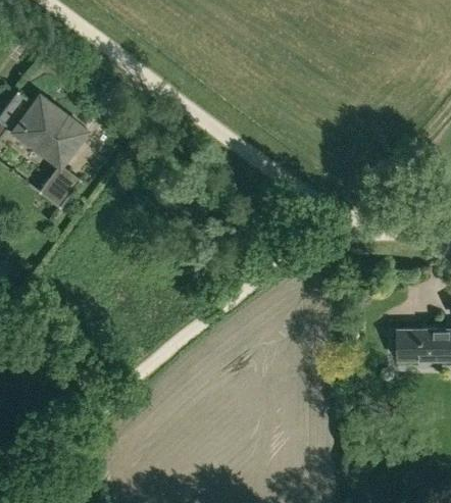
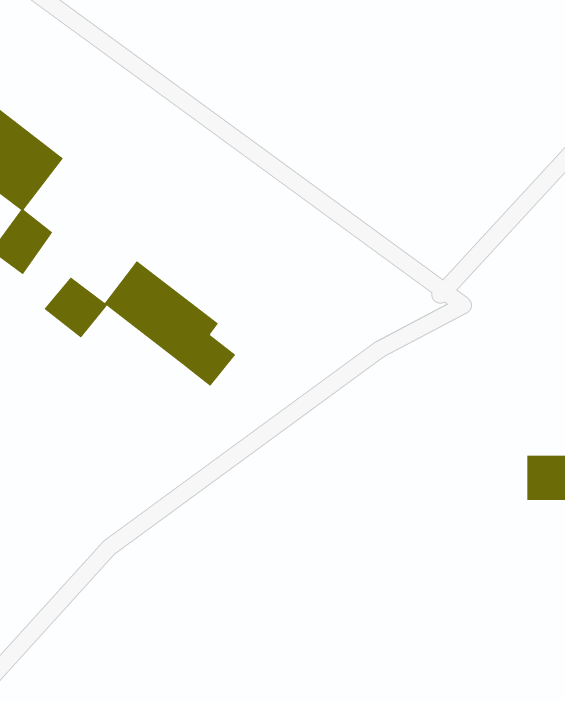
building: none -> [44,260,236,387]

